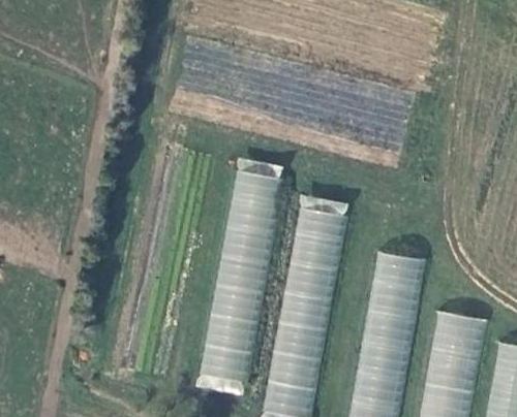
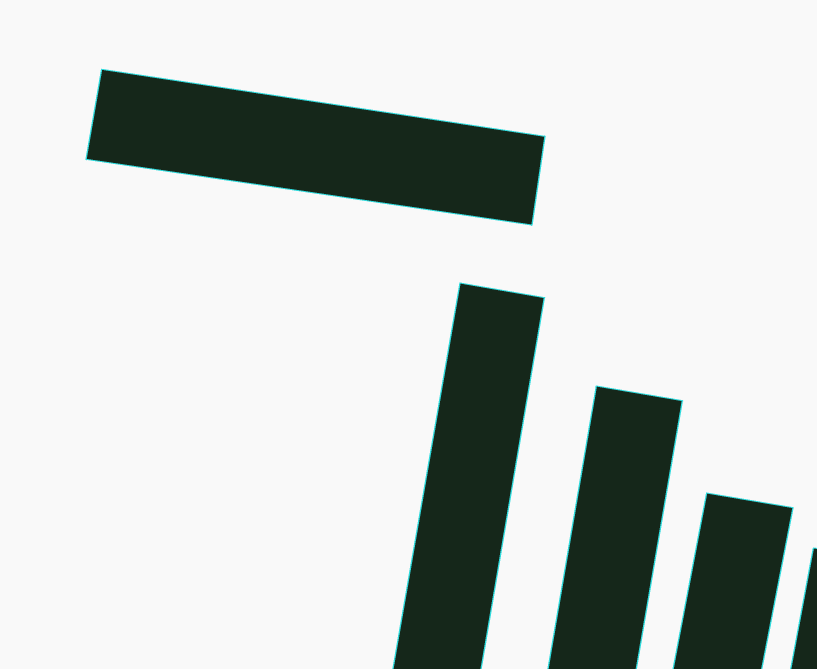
building: none -> [86,69,545,225]
building: [201,158,290,395] -> none

